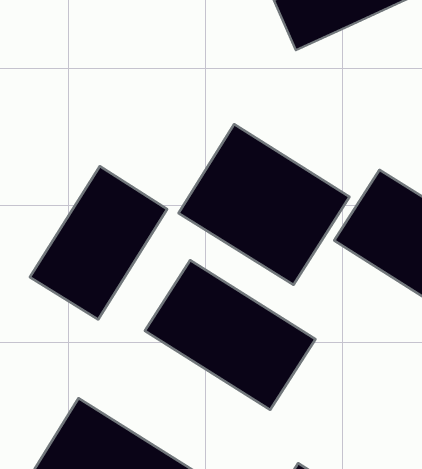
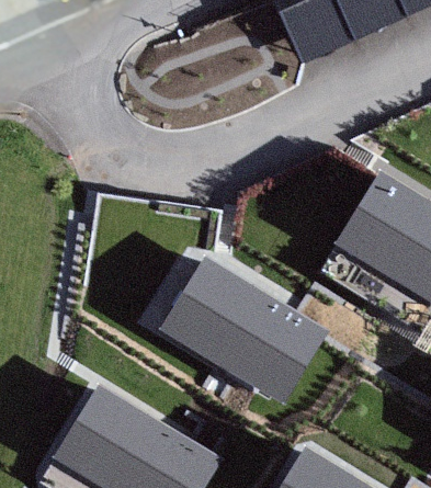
building: [178,124,350,285] -> none
building: [30,166,167,319] -> none

